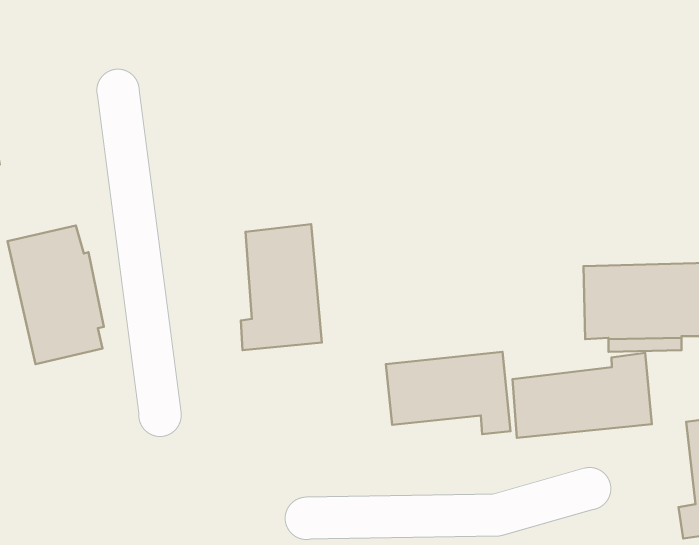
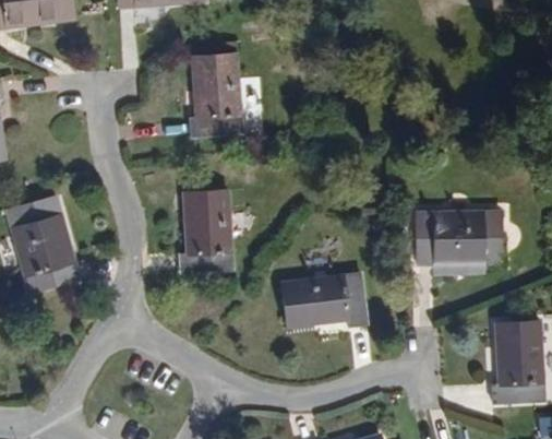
building: none -> [187,45,242,131]
building: [513,353,652,438] -> none

